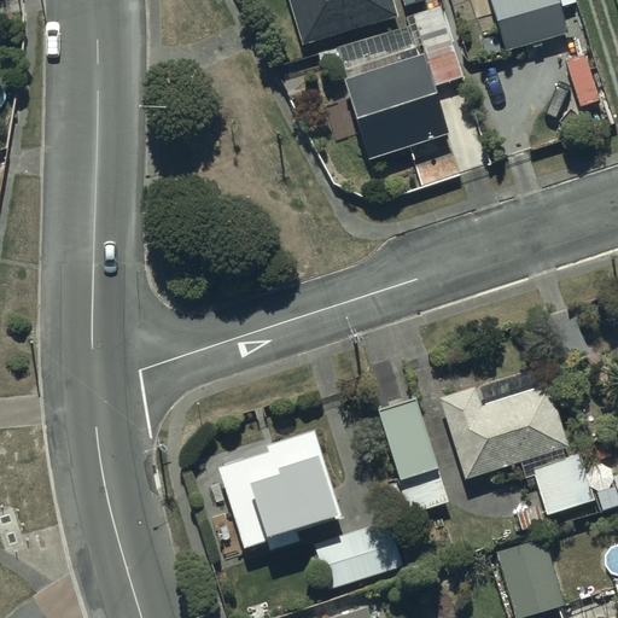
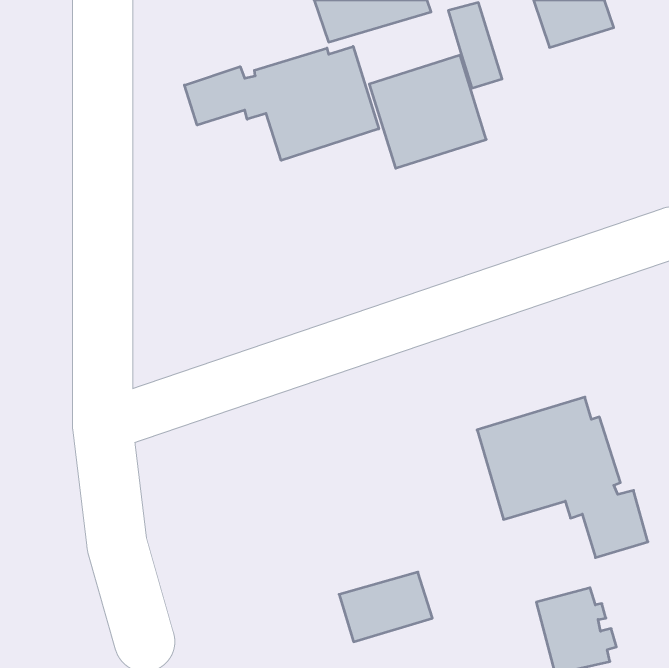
building: none -> [184,46,379,160]
building: [380,398,451,513] -> none
building: [217,427,339,549] -> none

